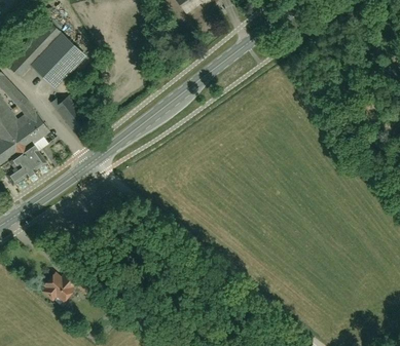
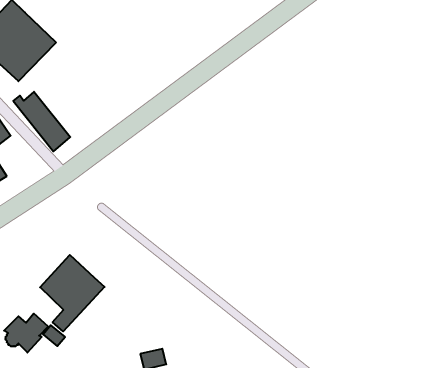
building: none -> [40,255,105,331]

